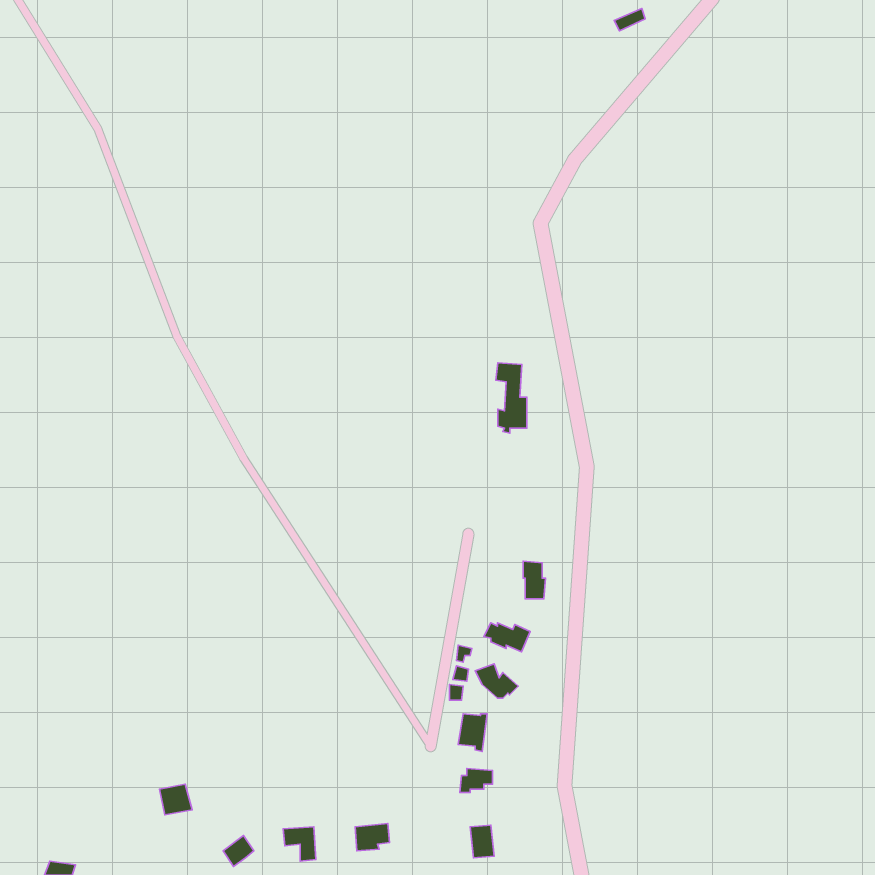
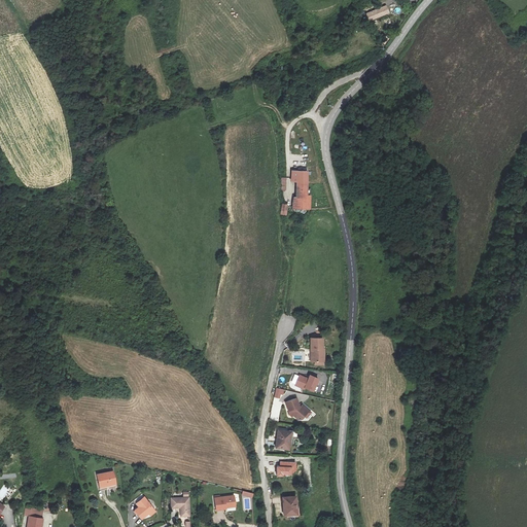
building: [496,363,527,433] -> [291,169,310,211]

